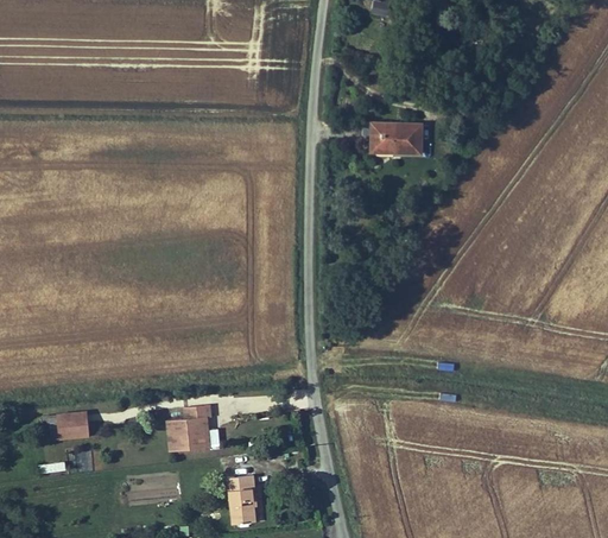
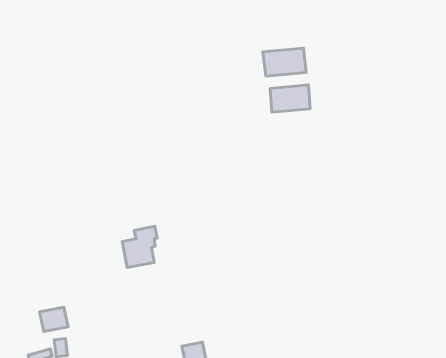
building: none -> [270,85,310,112]
building: [167,404,211,451] -> [122,226,157,268]

